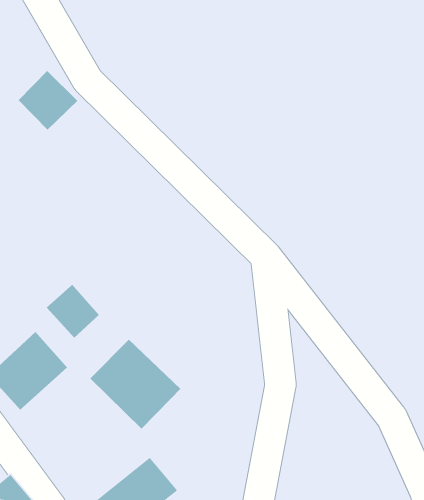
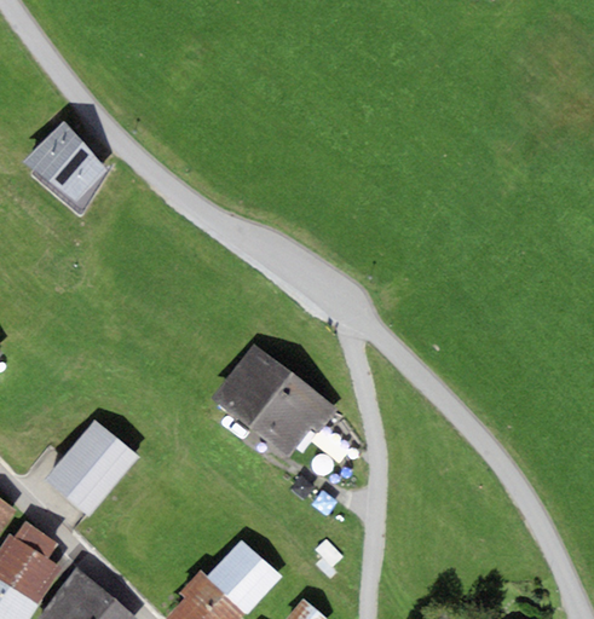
building: [46,284,100,339] -> none
building: [89,339,181,430] -> [225,353,328,451]

